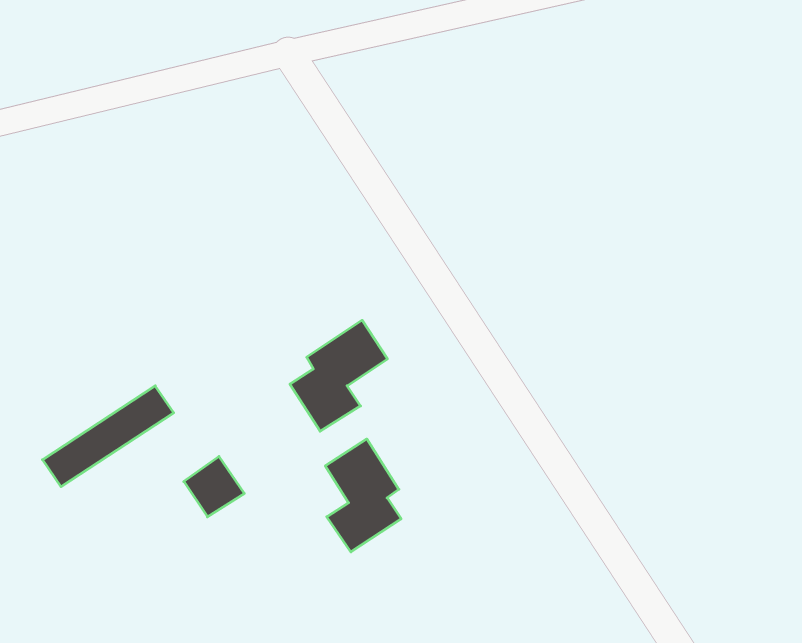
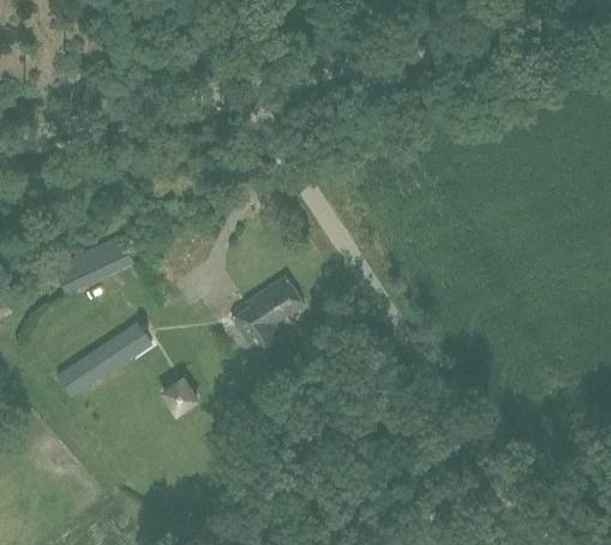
building: none -> [54,236,133,295]
building: [325,439,401,552] -> none

